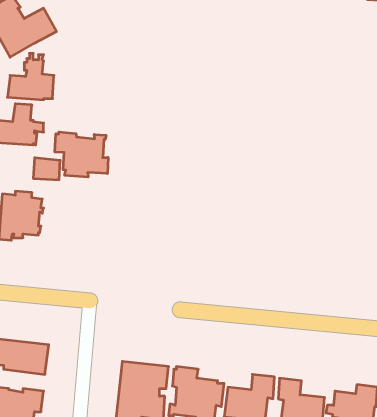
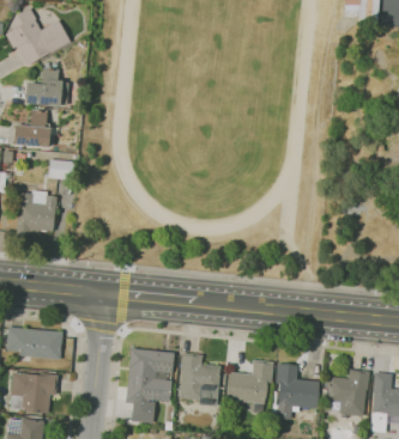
building: [55,132,108,177] -> none

